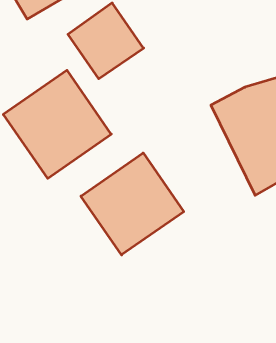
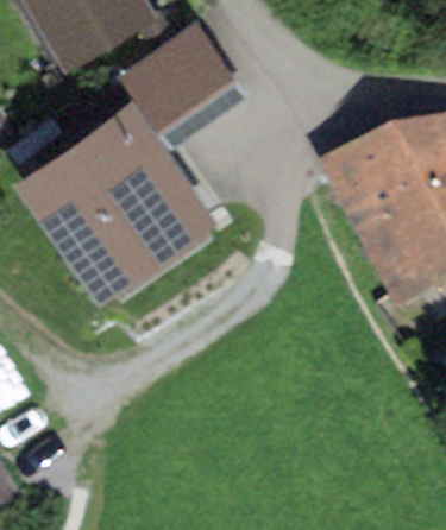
building: [81,153,184,255] -> none

